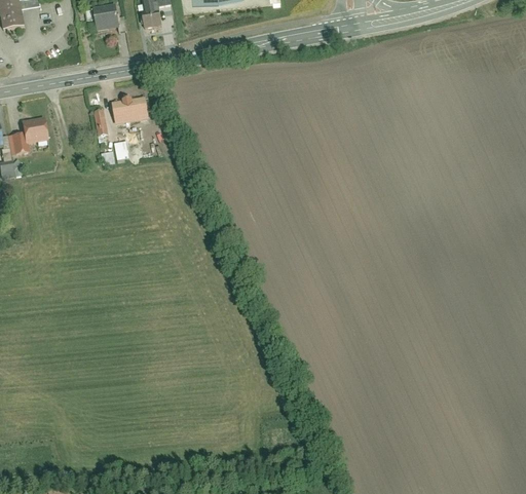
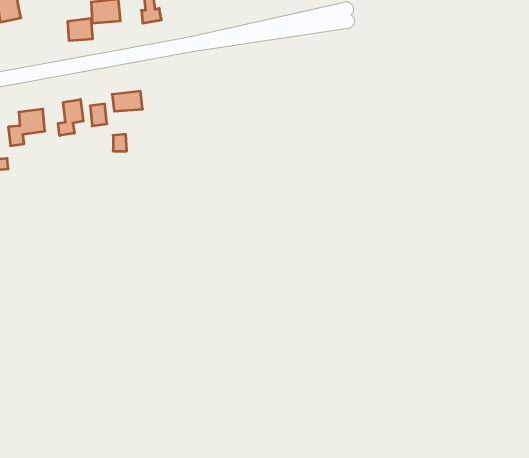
building: none -> [68,18,92,41]
building: none -> [58,99,83,136]

